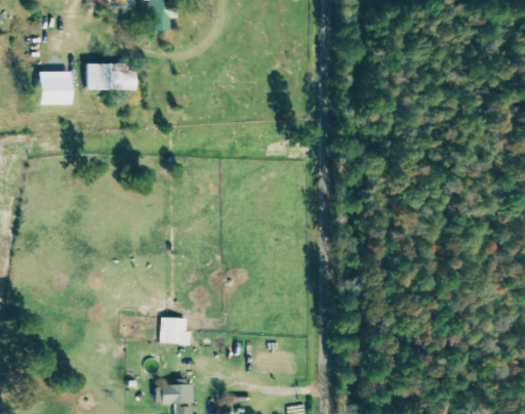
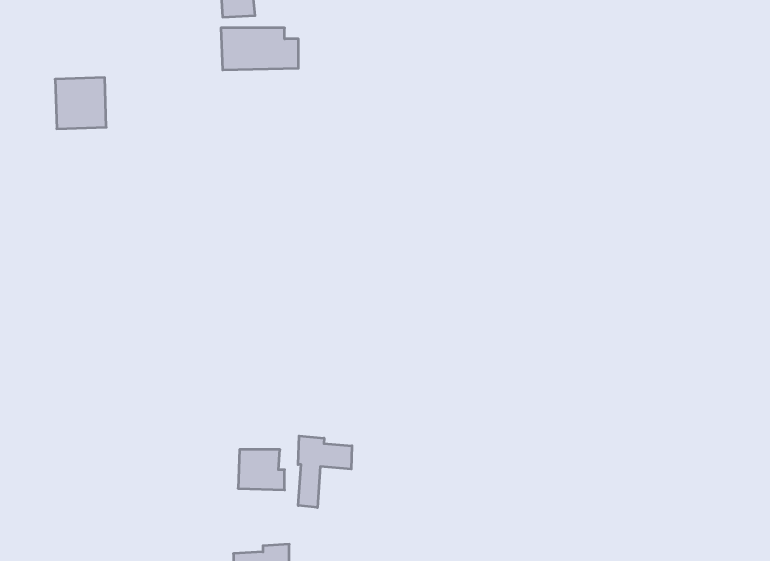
building: [85,63,136,90] -> [221,28,298,70]
building: none -> [298,436,352,508]

